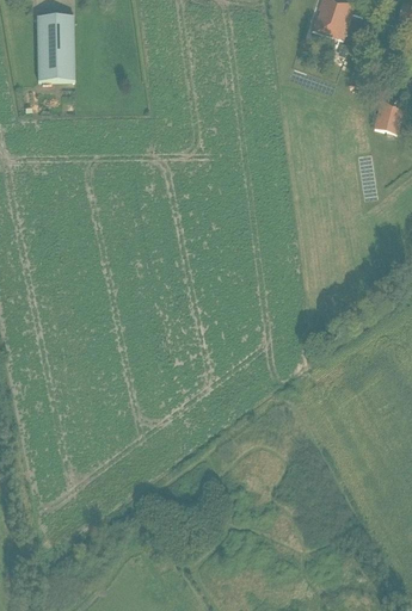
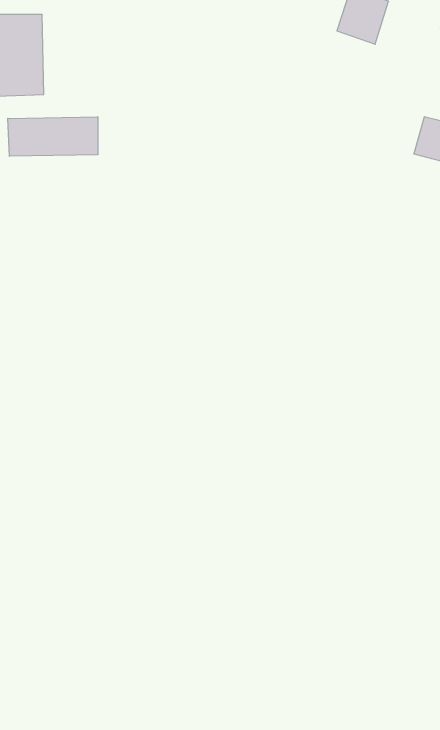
building: none -> [8,117,98,156]

